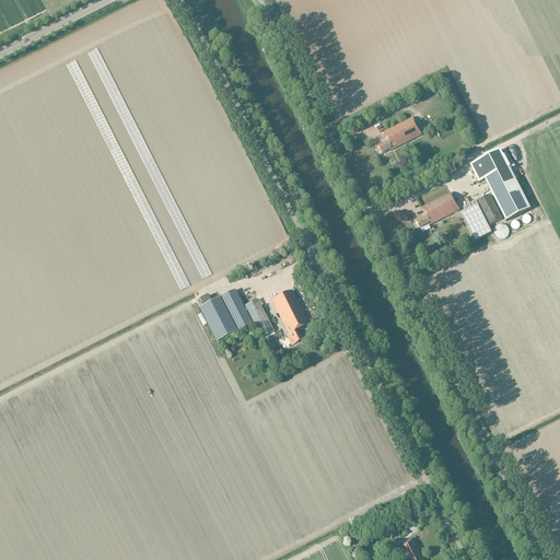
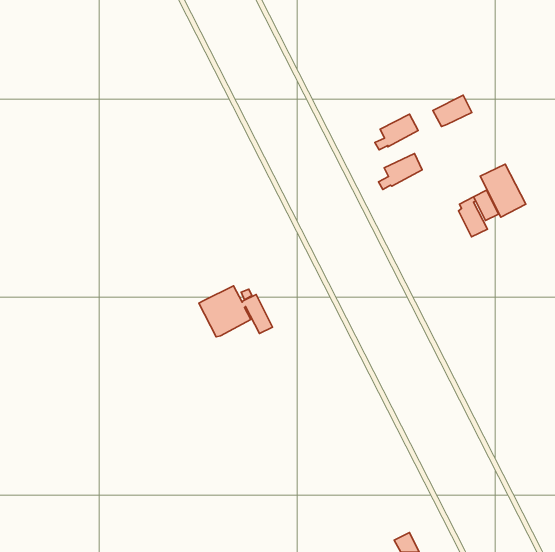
building: [469,148,509,179] -> [433,95,472,127]
building: [416,190,459,226] -> [379,154,422,190]
building: [272,288,308,342] -> none

